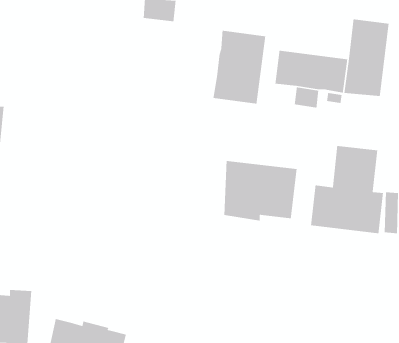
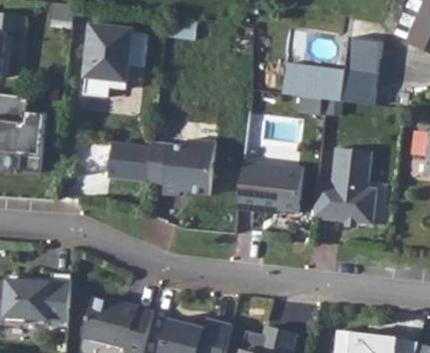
building: none -> [82,25,145,96]
building: [213,30,266,104] -> none
building: none -> [106,139,213,197]

